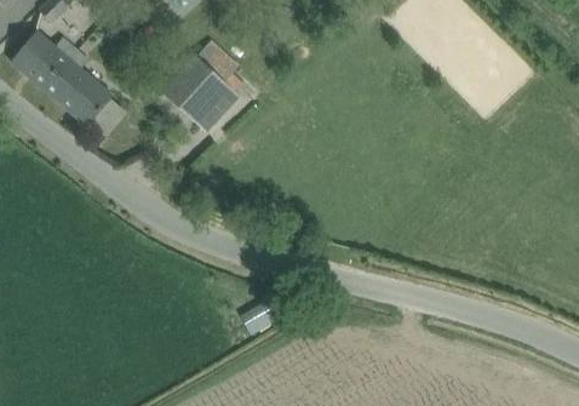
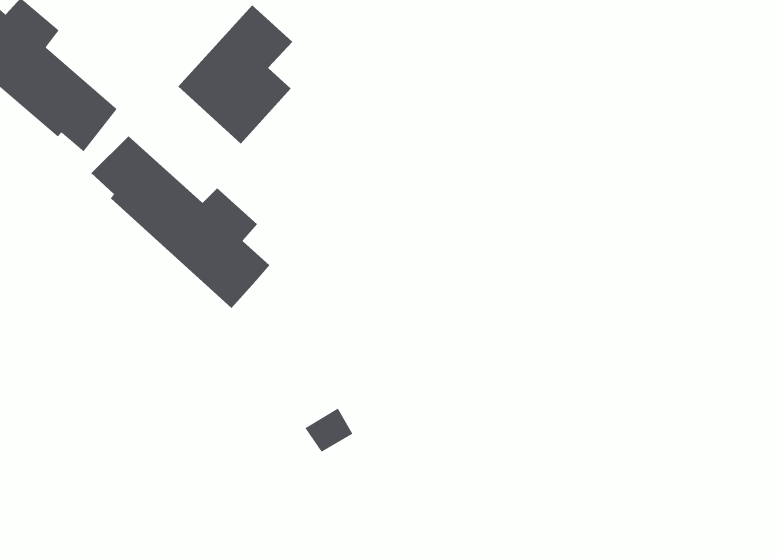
building: none -> [91,136,270,309]

